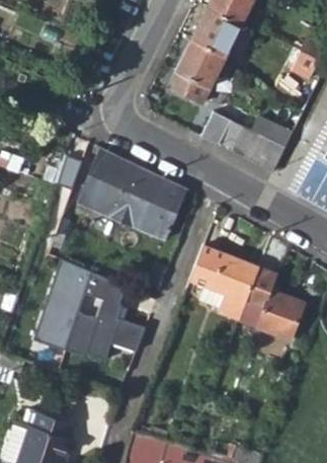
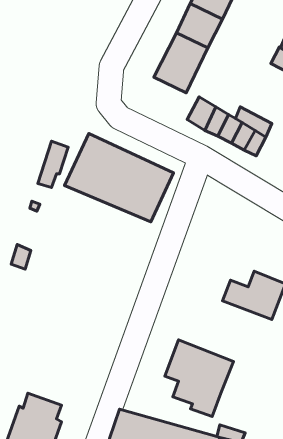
building: [188,244,259,323] -> [165,340,234,417]
building: [33,257,147,358] -> none

